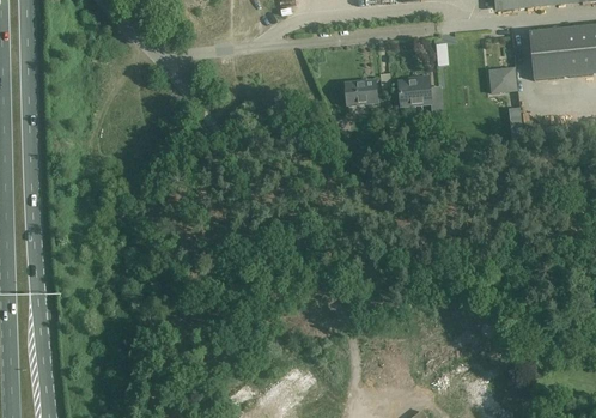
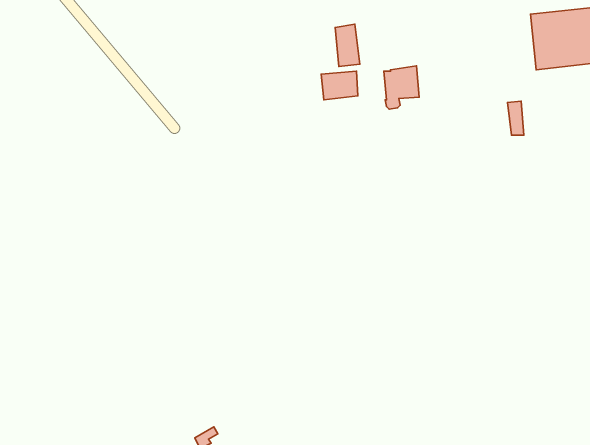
building: none -> [335,24,360,67]
building: [488,66,517,93] -> none

